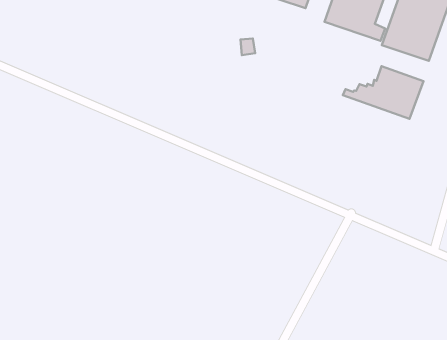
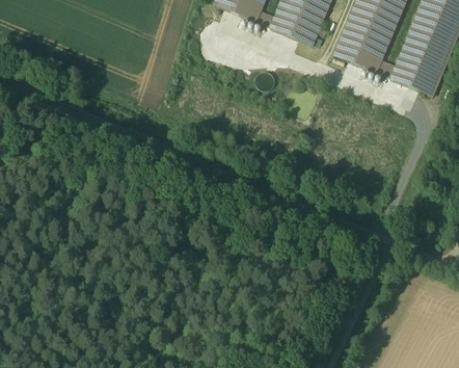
building: [343,66,424,119] -> none

